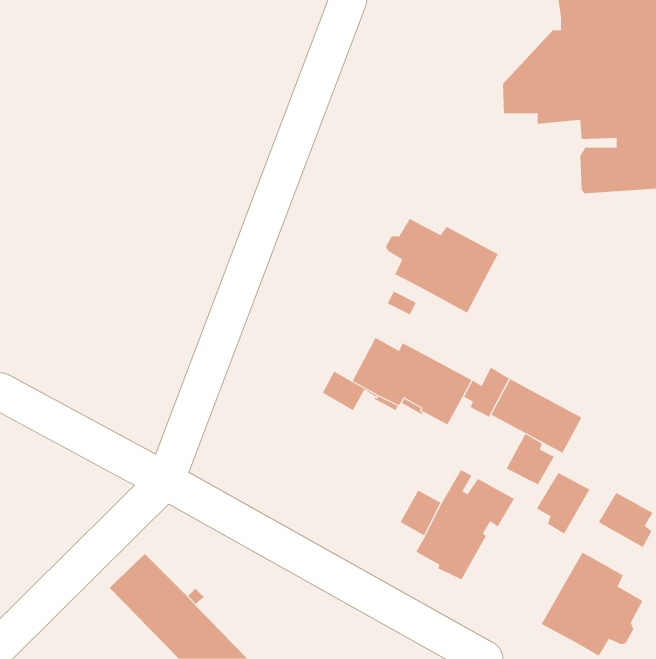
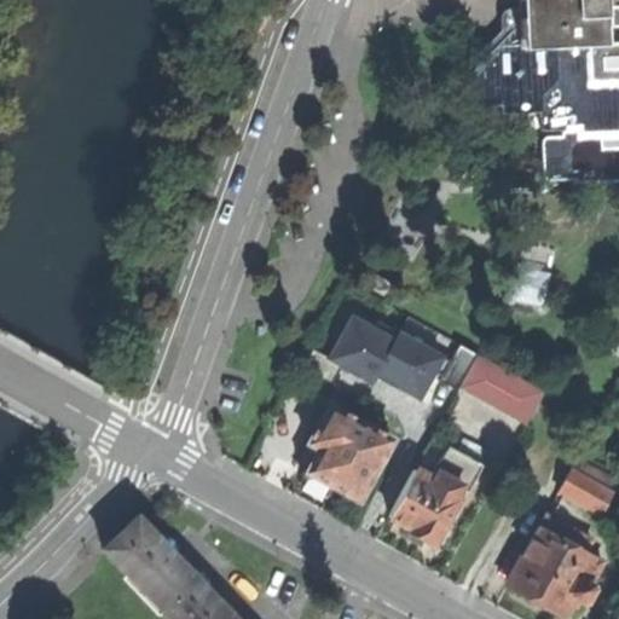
building: [385,218,498,314] -> none
building: none -> [302,405,397,502]
building: [506,433,554,485] -> none
building: [536,472,590,535] -> none

